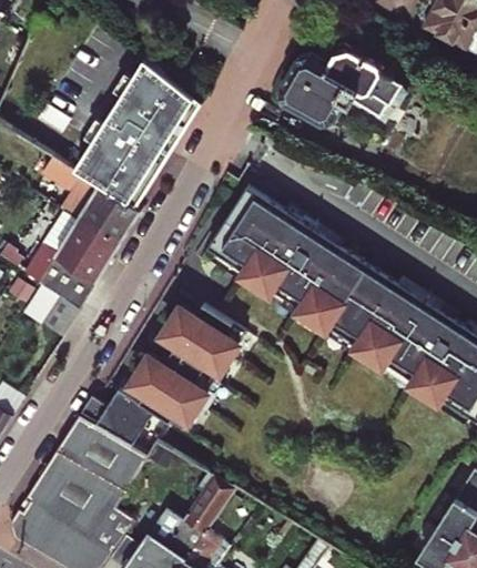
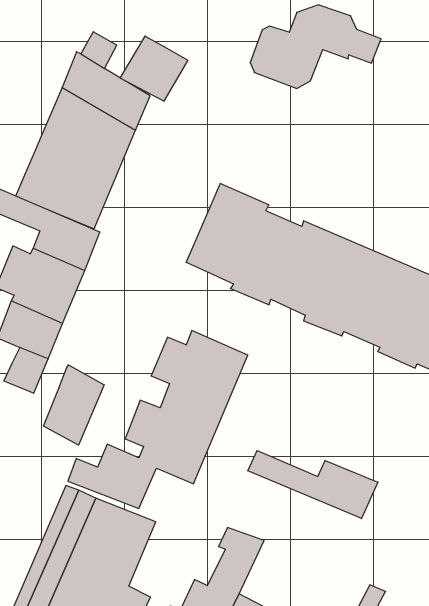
building: none -> [120,36,188,101]
building: none -> [44,365,104,445]
building: none -> [248,451,378,519]

